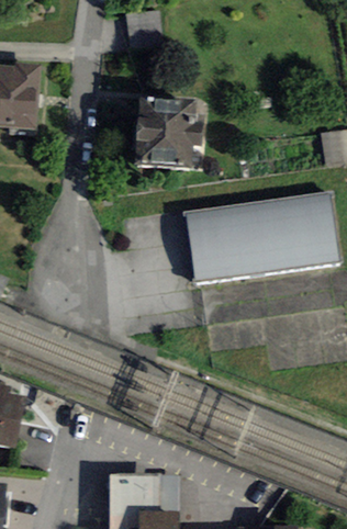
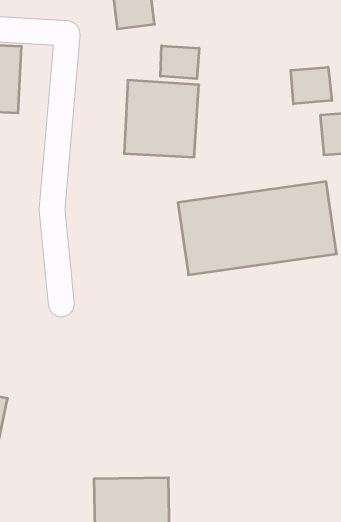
building: none -> [160,46,199,79]
building: none -> [291,67,332,104]

